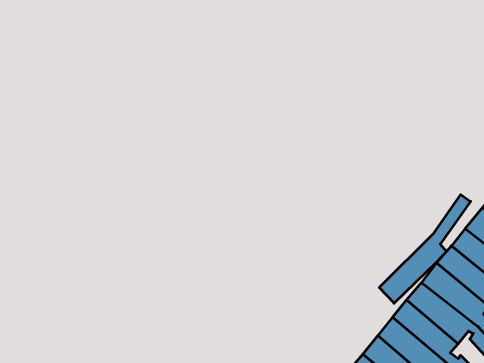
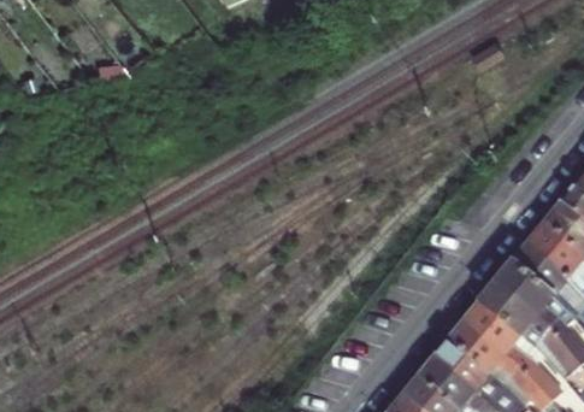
building: [379,195,471,303] -> none

